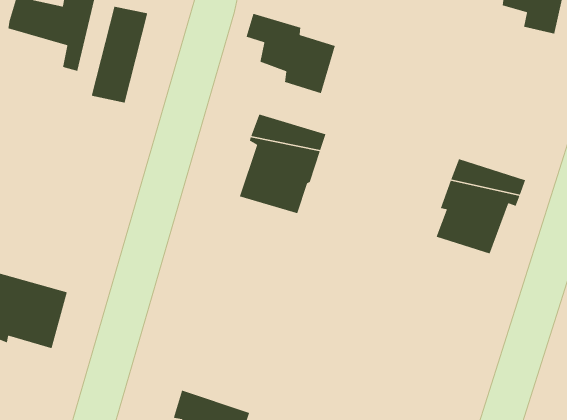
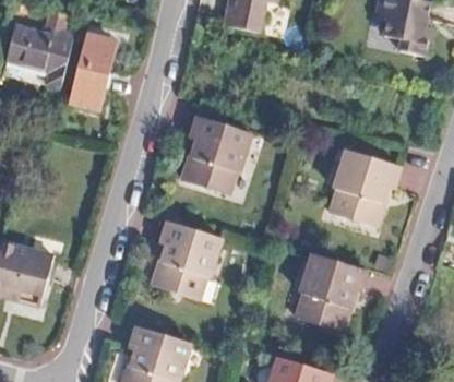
building: [246,13,336,94] -> none
building: none -> [156,222,222,297]
building: none -> [300,253,367,327]

